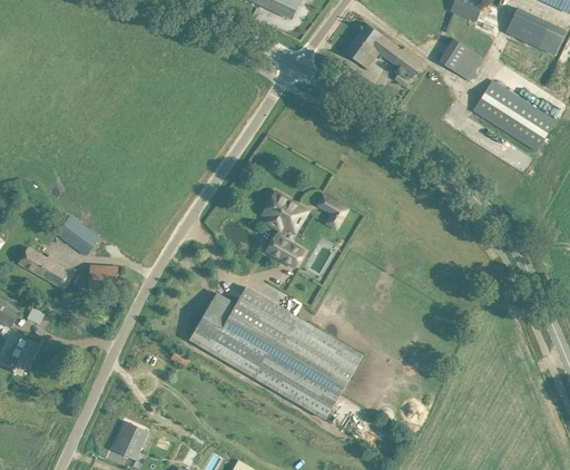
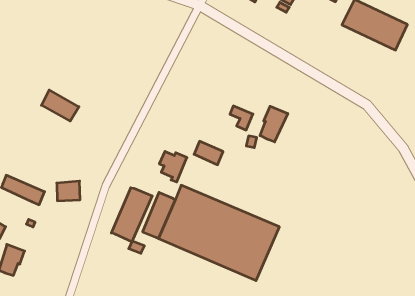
building: [264,196,299,236] -> [159,151,187,182]
building: none -> [260,106,288,142]
building: [51,213,98,255] -> [41,90,79,121]
building: none -> [111,188,152,242]

